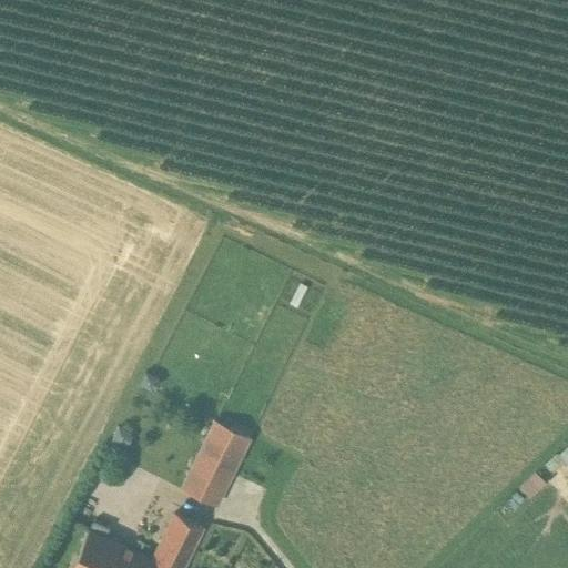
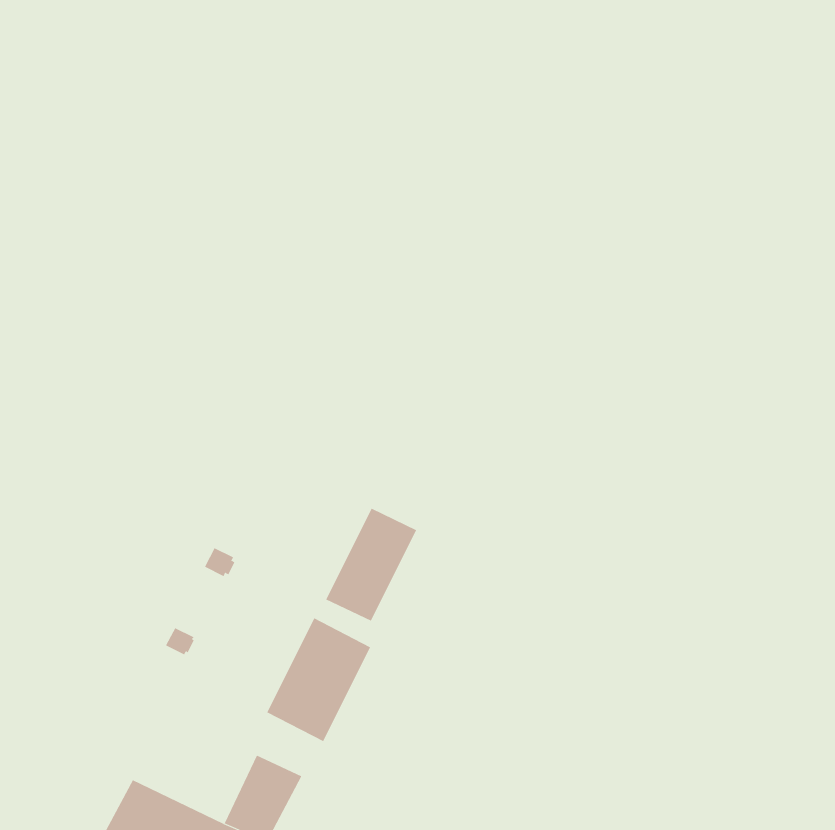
building: none -> [326,508,417,622]

